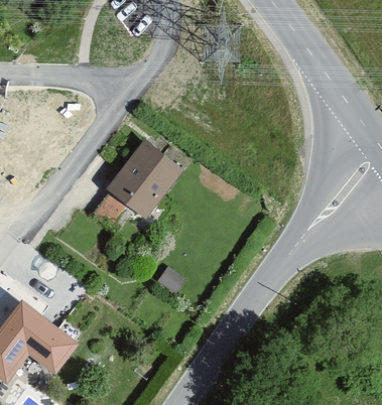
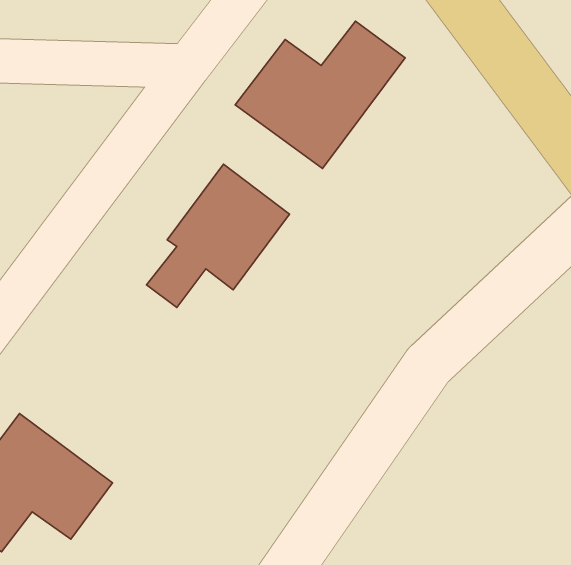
building: none -> [235,21,405,169]

